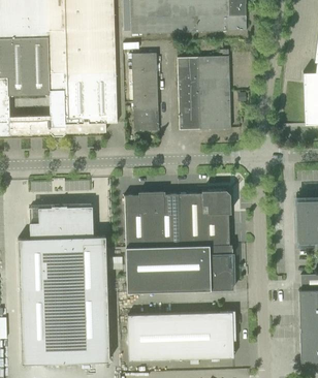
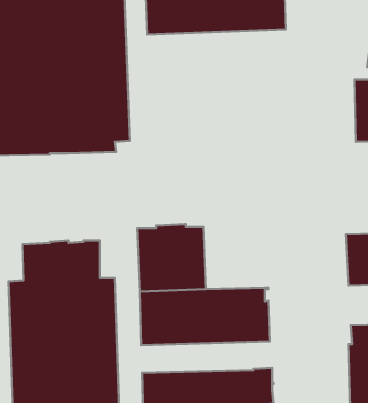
building: [178,51,231,131] -> none
building: [128,54,159,132] -> none
building: [179,191,230,246] -> none

